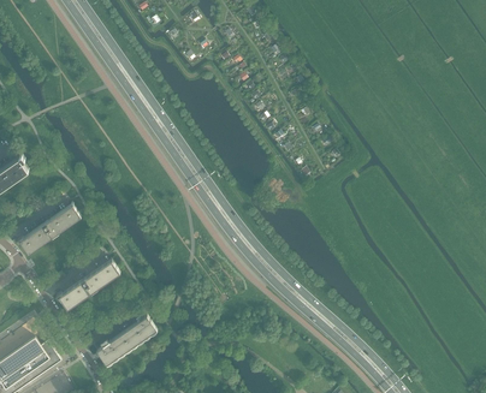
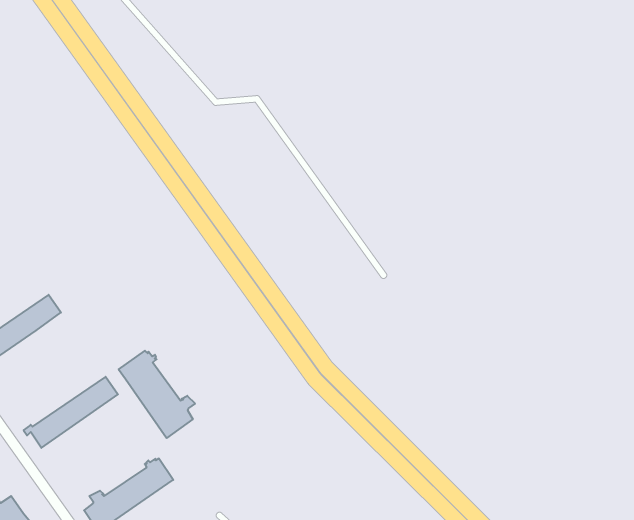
building: none -> [119,351,195,438]

